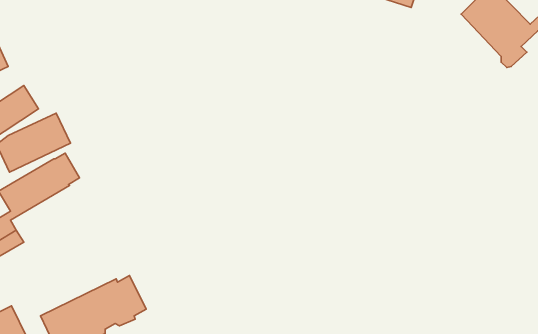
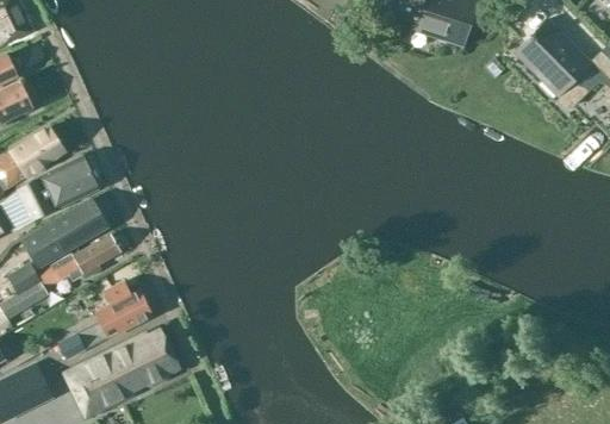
building: none -> [38,233,120,287]
building: none -> [57,281,154,360]

